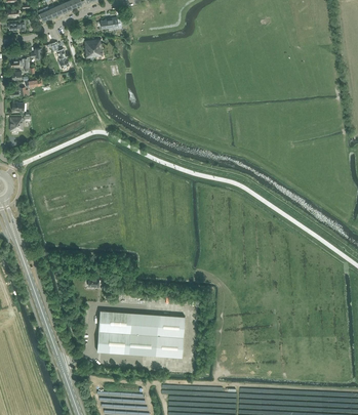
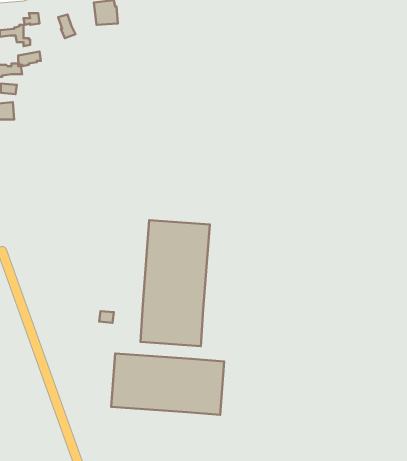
building: none -> [140,220,210,346]

